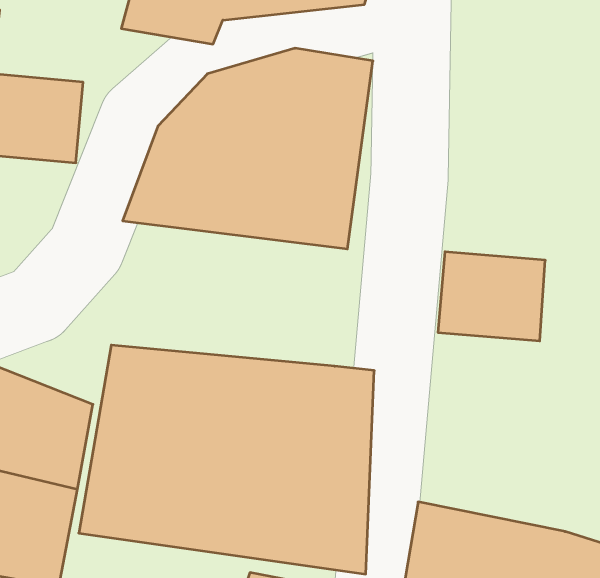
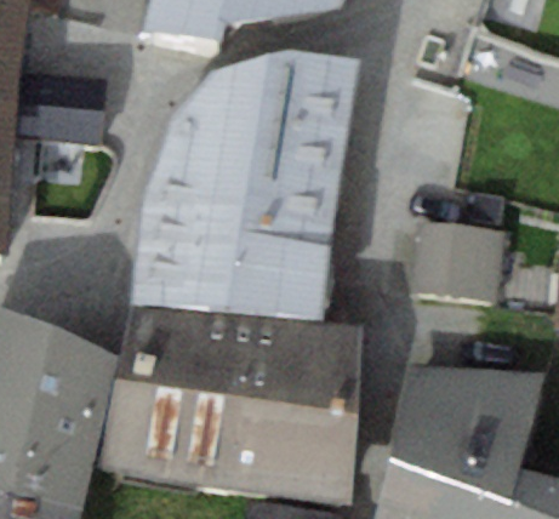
building: none -> [131,198,333,323]
building: none -> [394,363,543,464]

